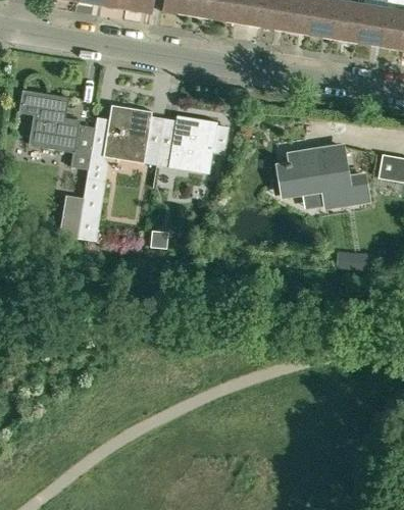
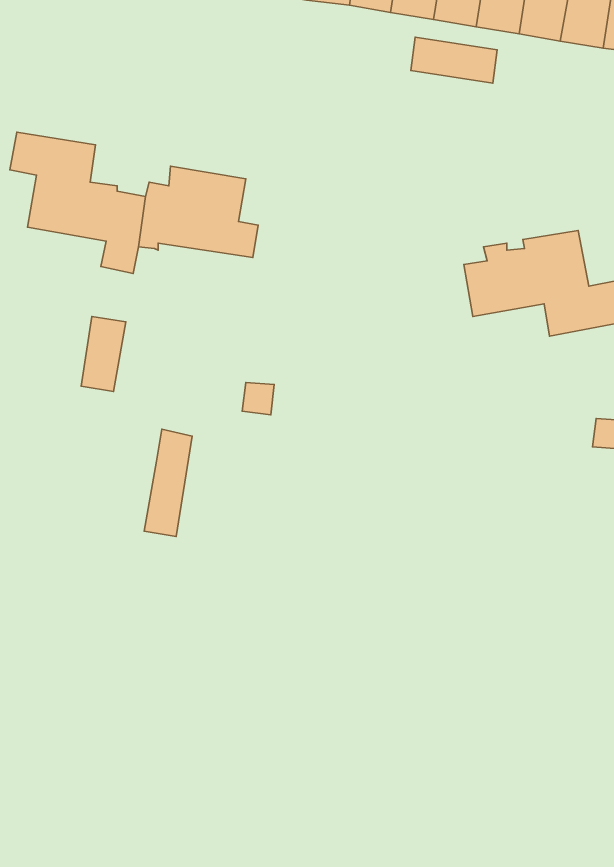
building: none -> [411,37,497,83]
building: [157,119,230,169] -> none
building: [78,180,105,241] -> [144,429,192,536]

